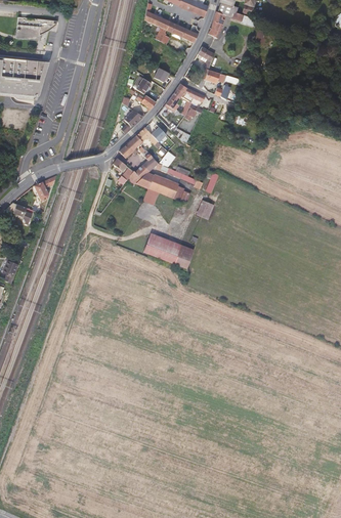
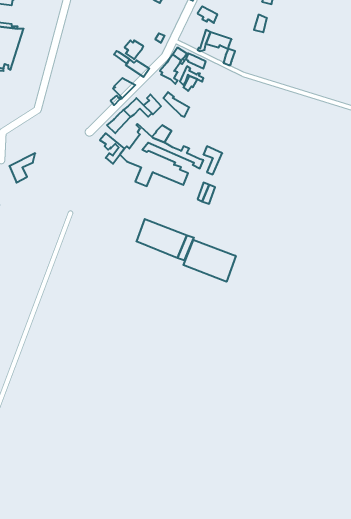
building: none -> [183,240,236,282]

